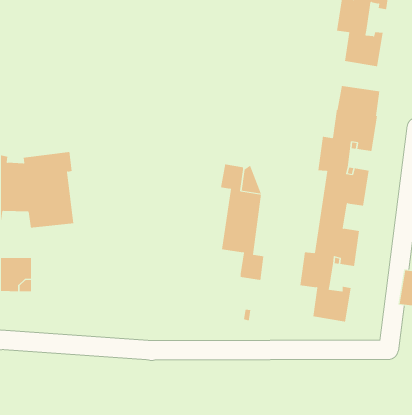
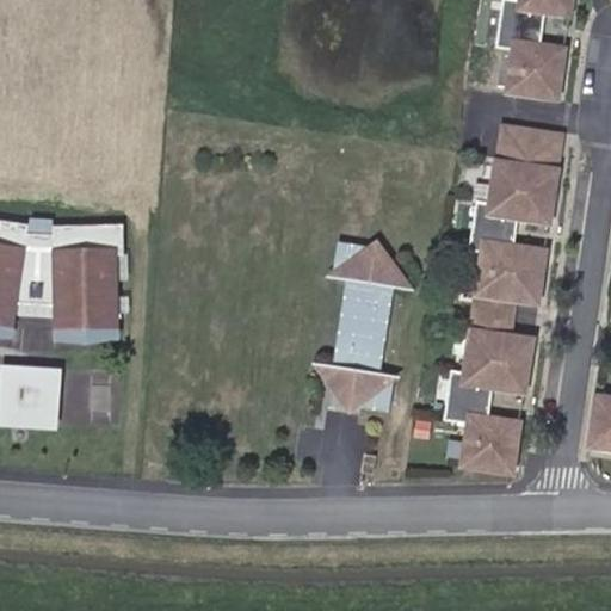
building: none -> [314,363,363,411]

